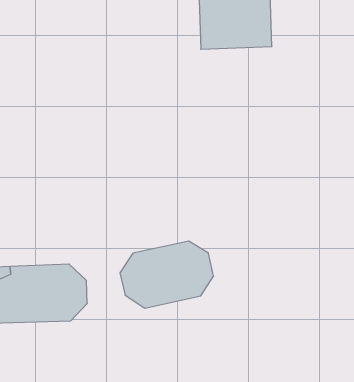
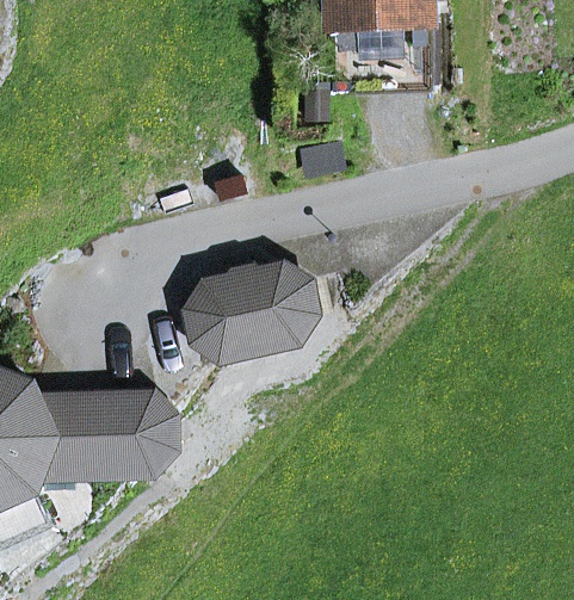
building: [120,241,214,308] -> [190,262,320,355]

